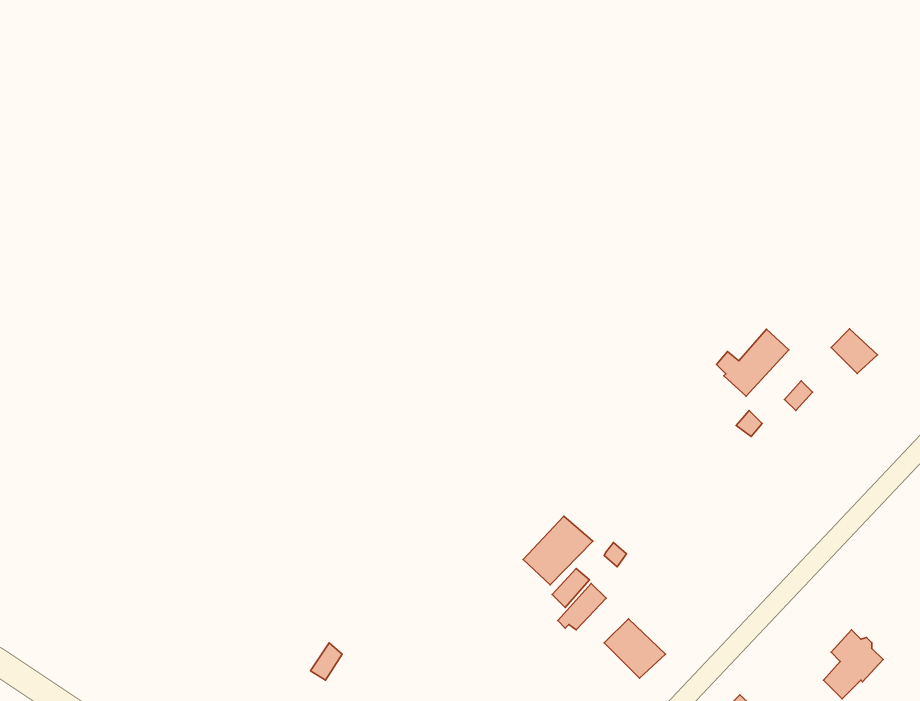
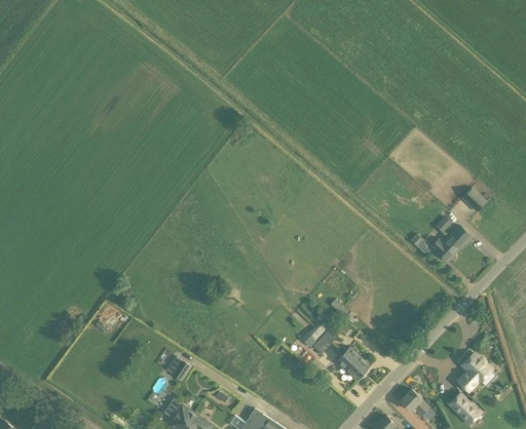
building: [716,329,789,396] -> [429,225,469,262]
building: [523,516,593,585] -> none

